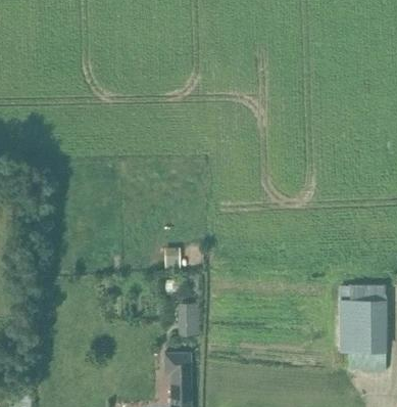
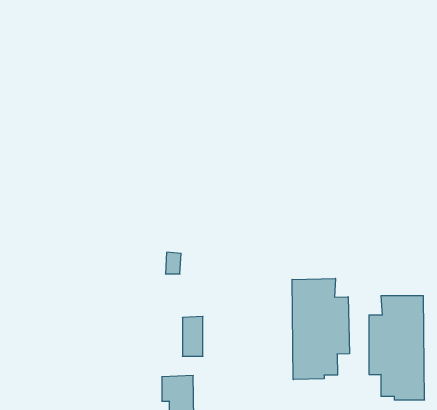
building: none -> [292,278,349,380]

